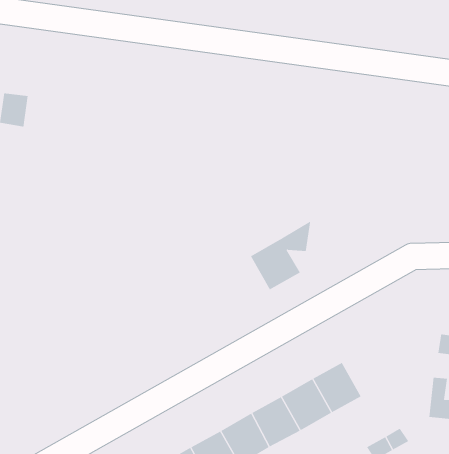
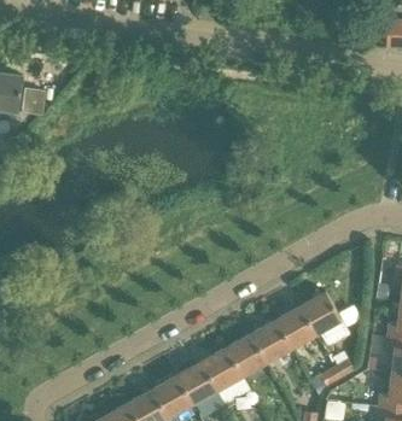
building: [250,220,311,290] -> [299,279,349,335]

